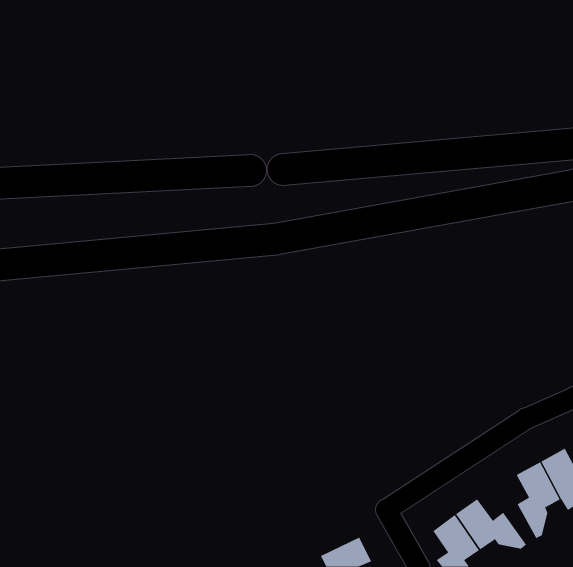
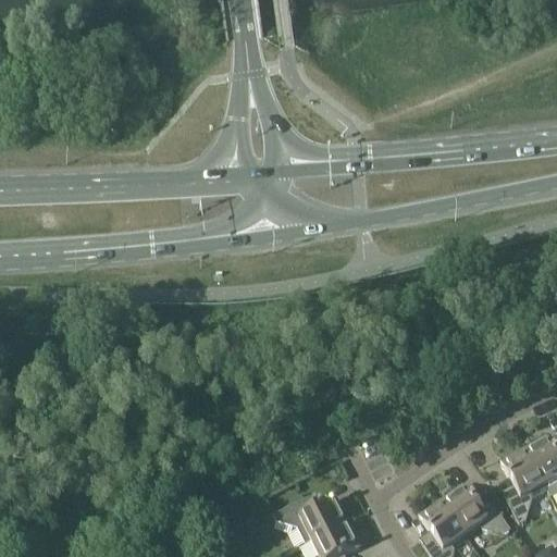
building: none -> [274,496,349,542]

